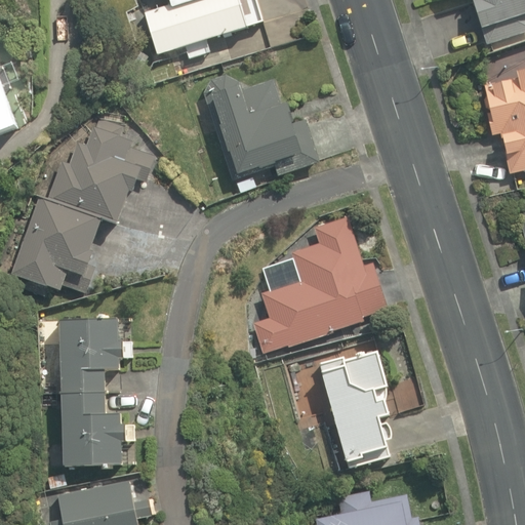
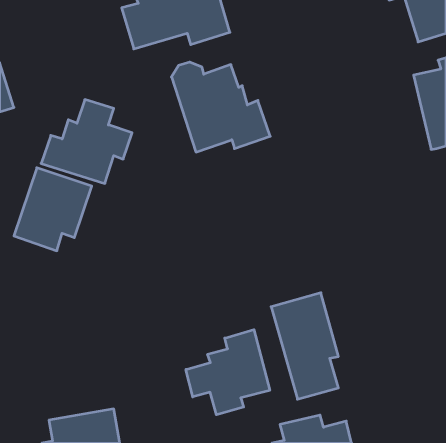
building: [253,217,390,351] -> none
building: [59,321,126,472] -> none
building: none -> [186,330,270,415]

